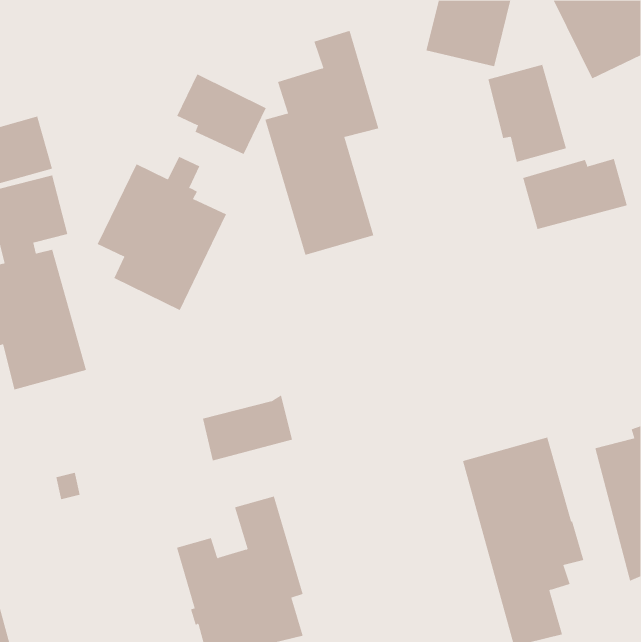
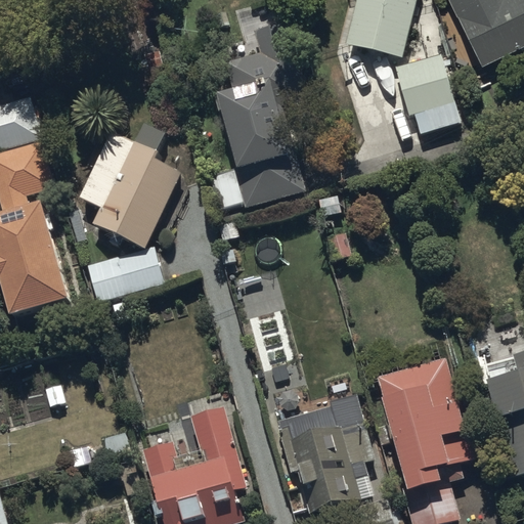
building: [176,74,267,155] -> none
building: [523,158,627,230] -> none
building: [202,394,293,461] -> [90,249,164,303]
building: none -> [273,395,367,506]

